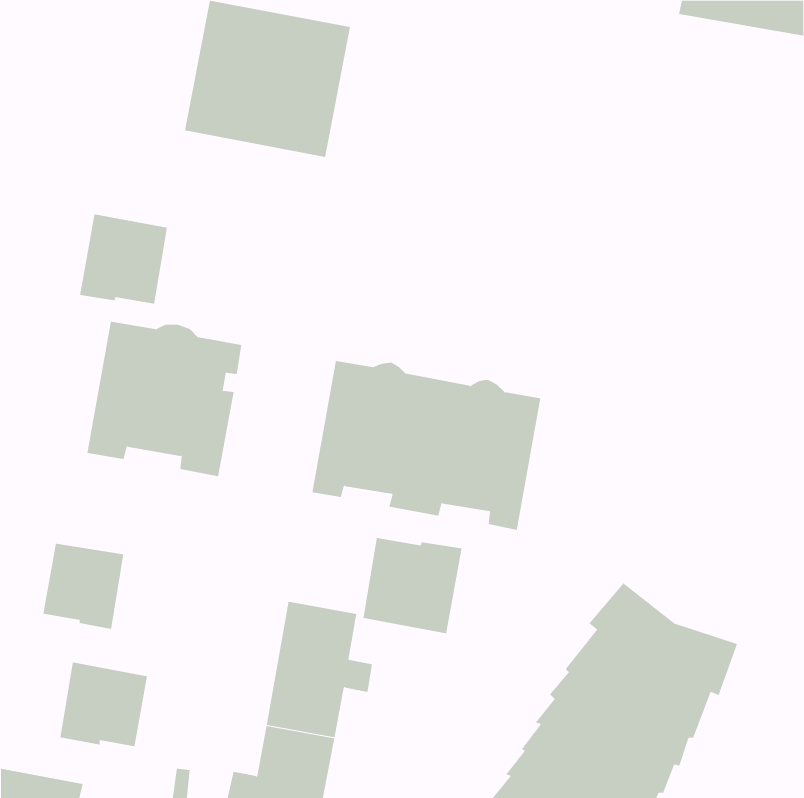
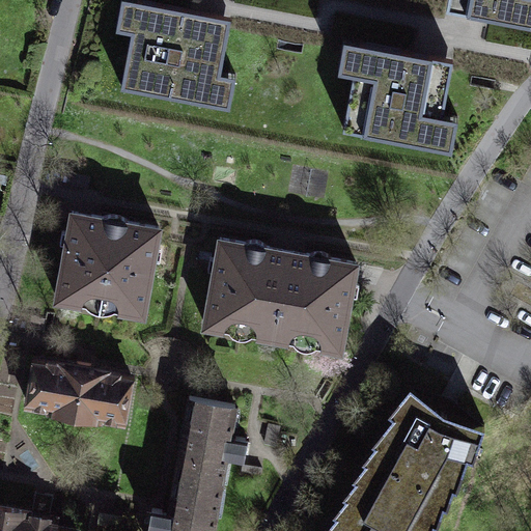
building: none -> [343,46,453,150]
building: [79,213,167,304] -> none
building: [363,537,462,634] -> none
building: [60,662,148,747] -> [74,369,132,425]

